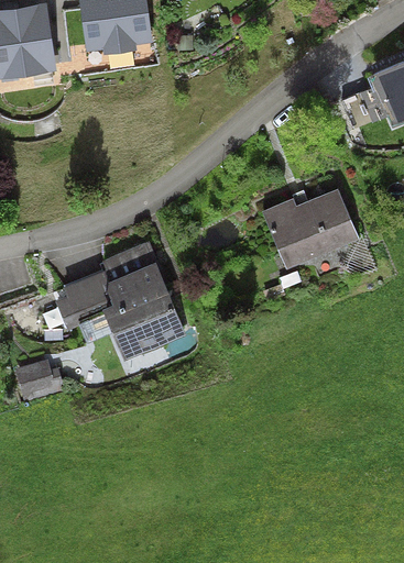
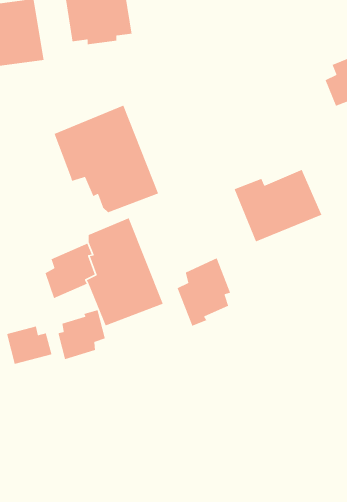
building: none -> [53,105,159,213]
building: none -> [176,257,231,327]
building: none -> [58,309,106,360]

